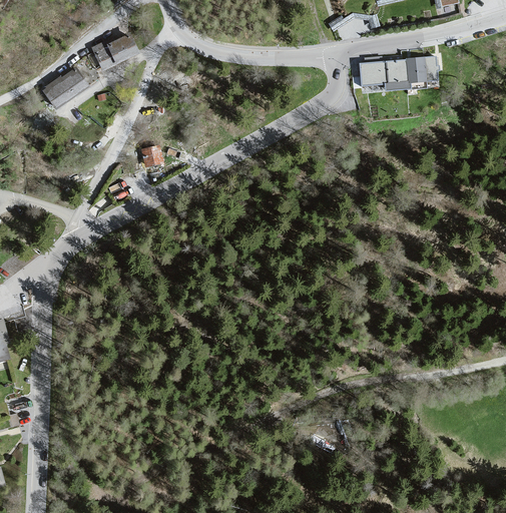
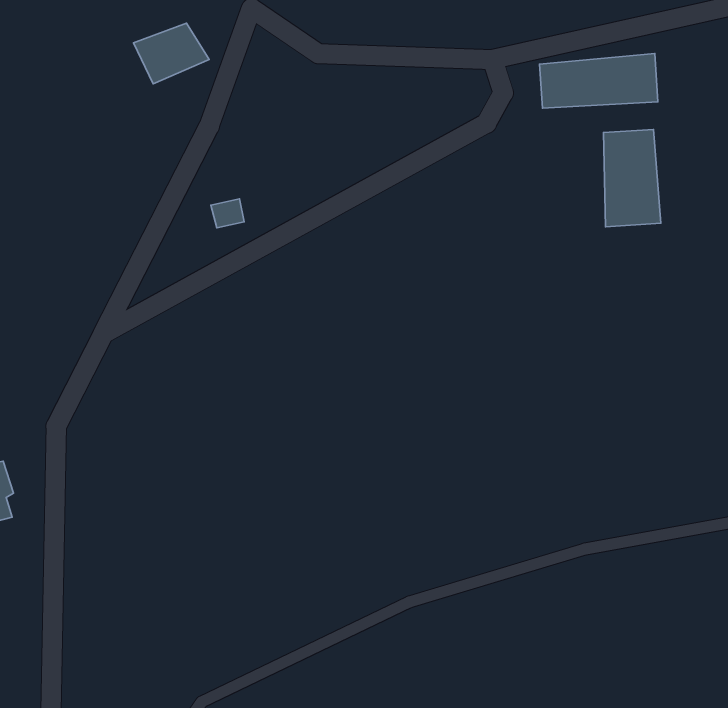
building: [39,70,89,111] -> none
building: none -> [604,130,661,227]

